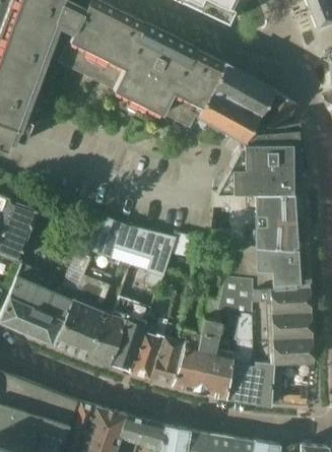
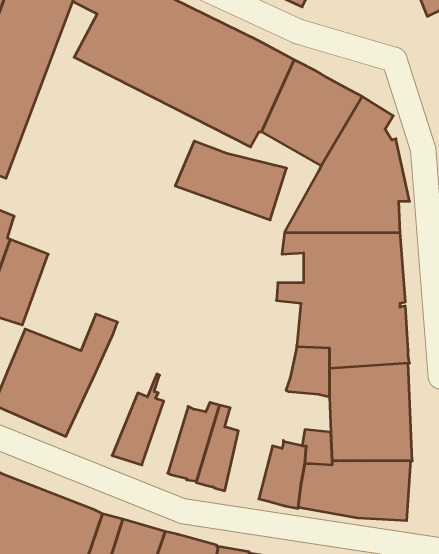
building: [92,218,176,277] -> [175,141,287,220]
building: [52,267,112,359] -> none
building: [171,298,221,391] -> none
building: [109,299,150,372] -> none
building: [227,313,250,341] -> none

